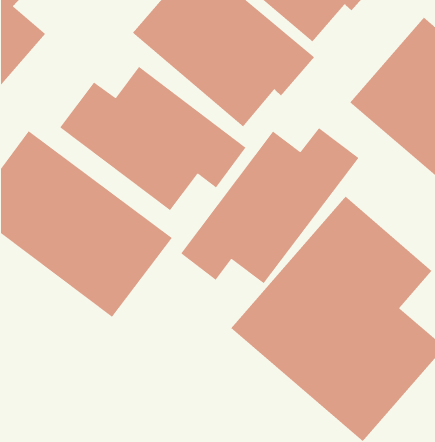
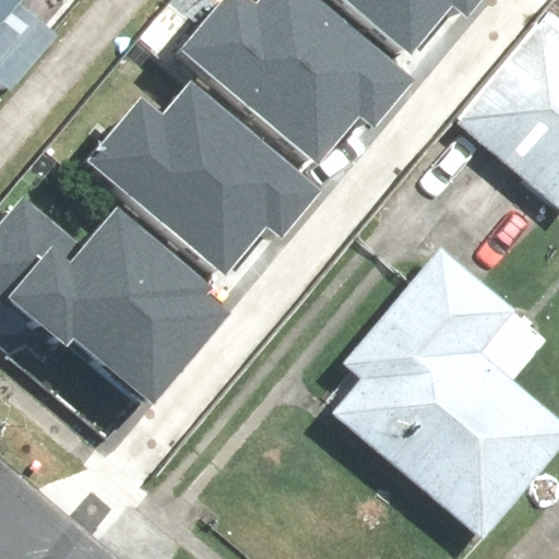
building: [180,127,360,284] -> none

